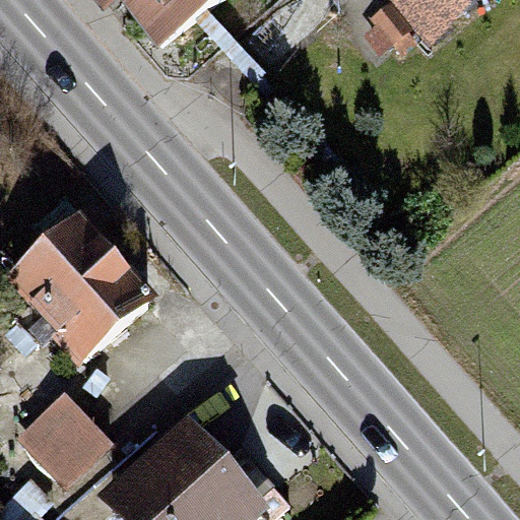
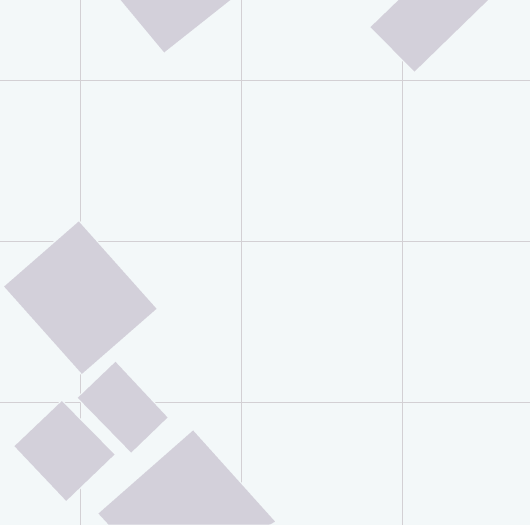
building: none -> [77,361,169,454]

